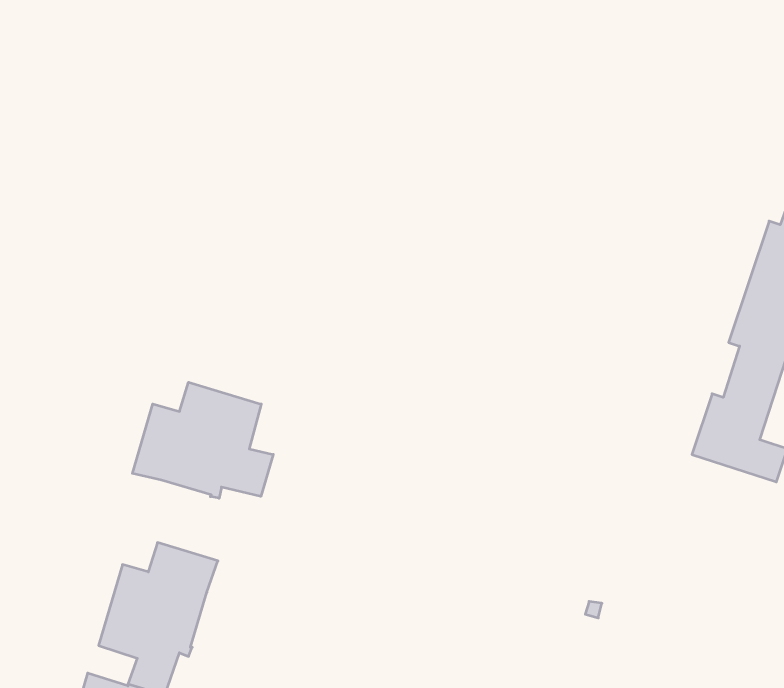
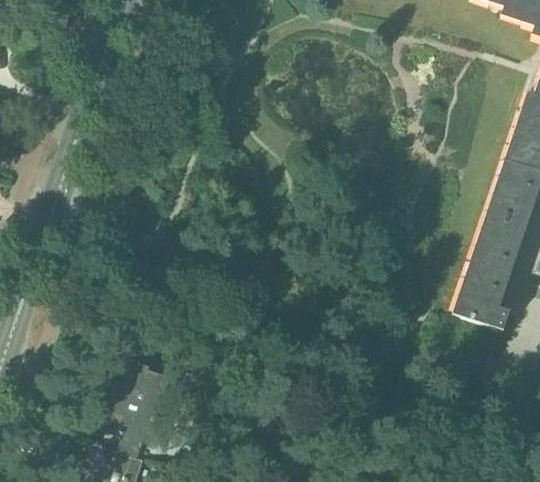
building: [132,382,273,498] -> none

